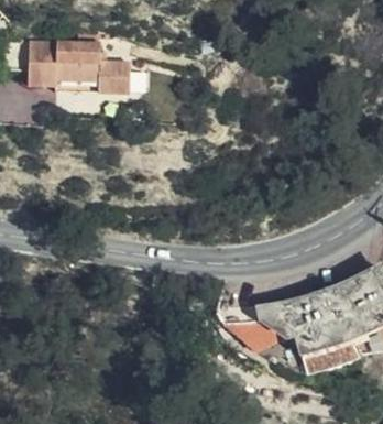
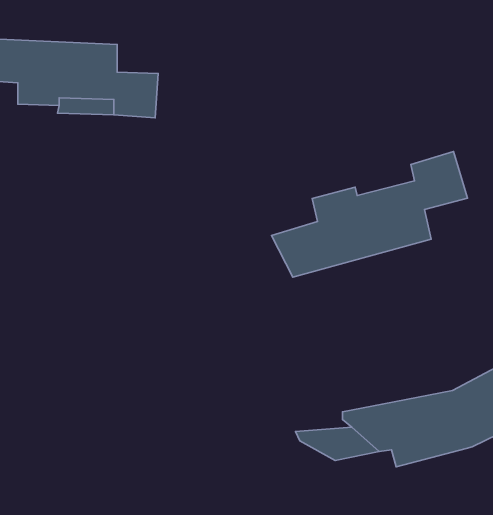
building: none -> [272,151,467,277]
building: [299,334,362,372] -> none

